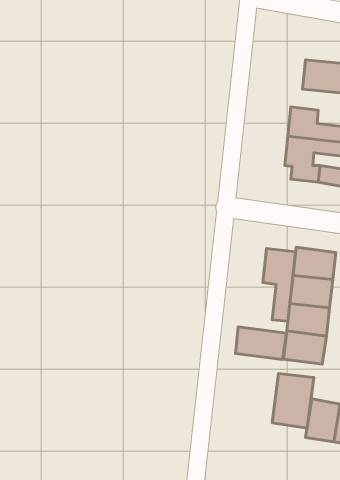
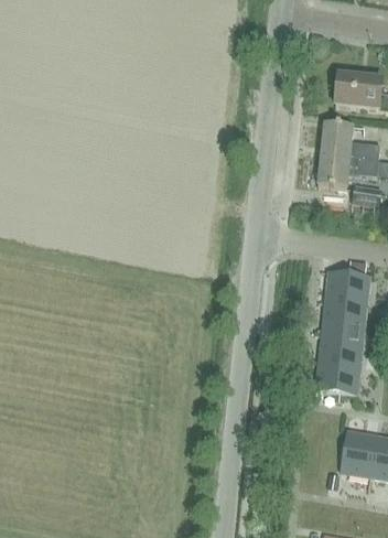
building: [263,248,296,321] -> none
building: [235,327,287,360] -> none
building: [272,373,314,428] -> none

